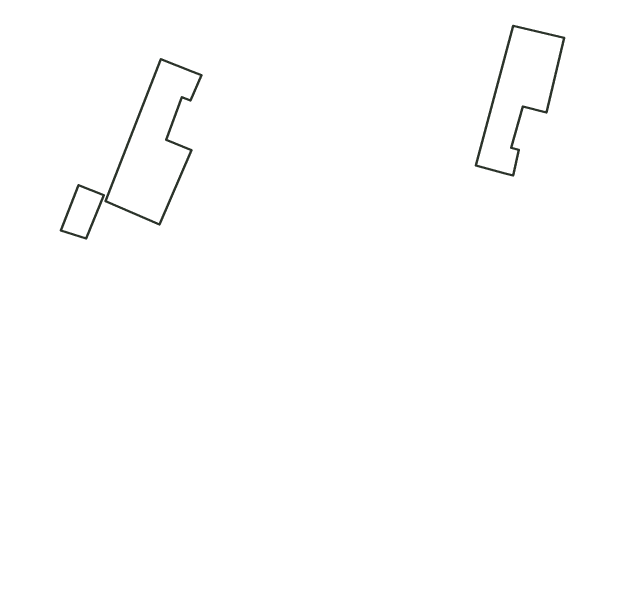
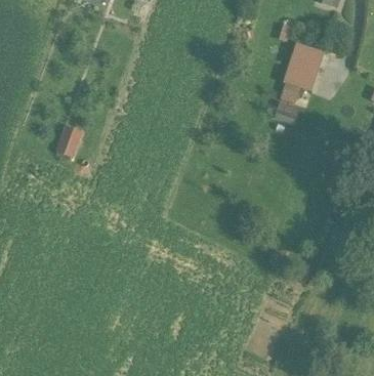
building: [105,59,201,225] -> none

